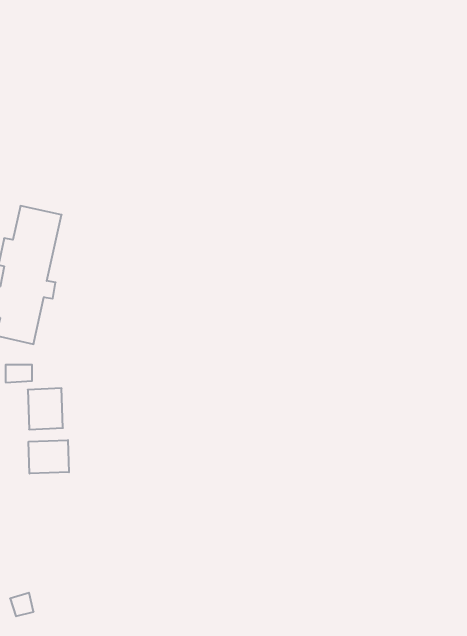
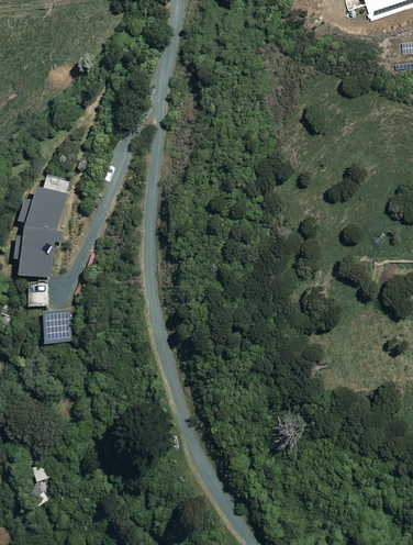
building: [29,440,69,474] -> none

